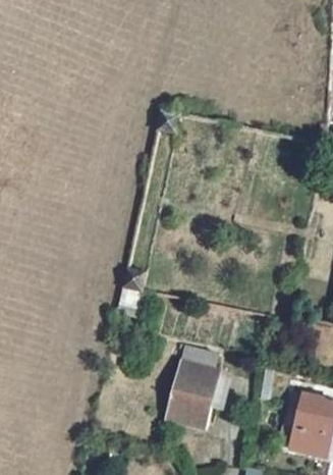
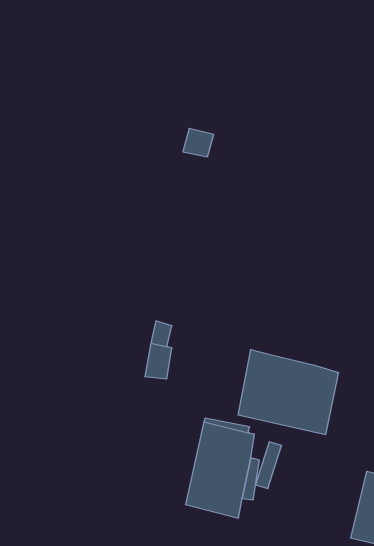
building: none -> [238,349,338,435]

